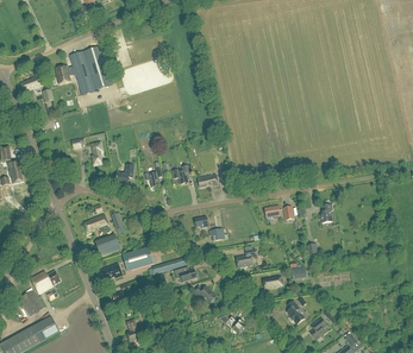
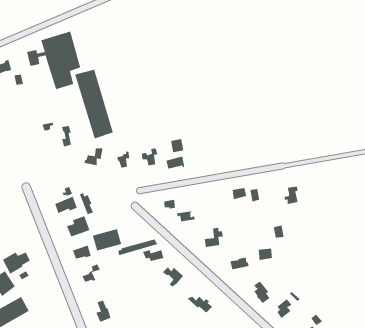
building: none -> [74,69,114,139]

